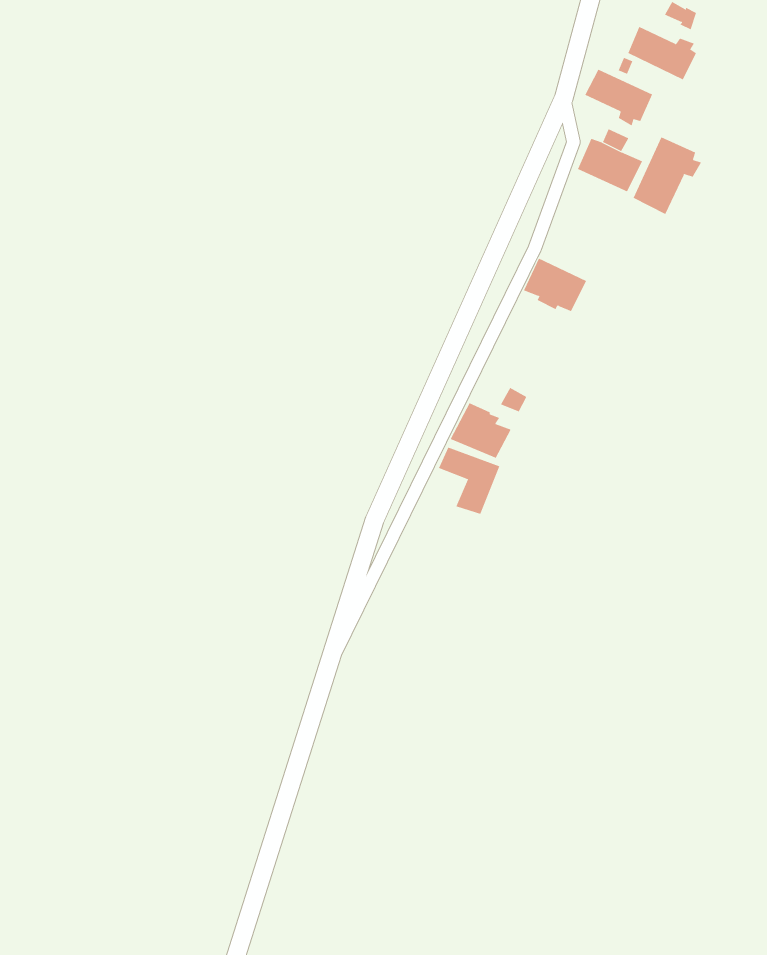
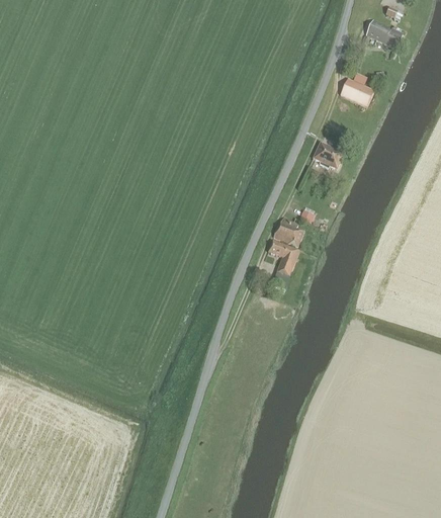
building: [584,69,653,127] -> none
building: [633,137,702,215] -> none

